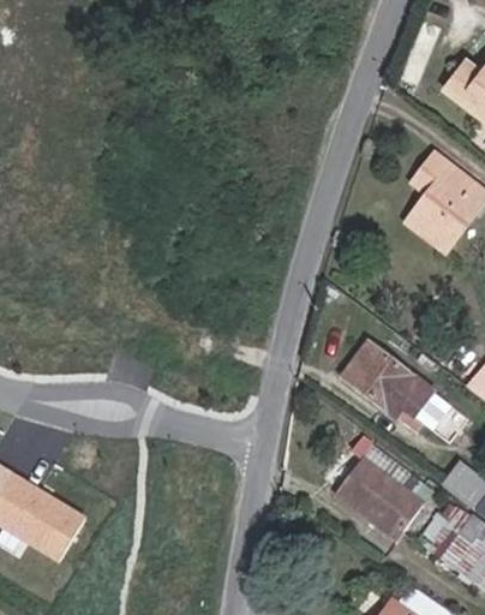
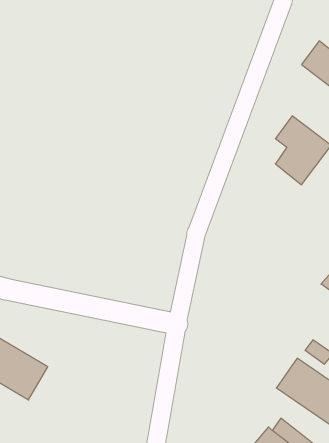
building: [346,346,451,436] -> none
building: [341,447,426,527] -> none

